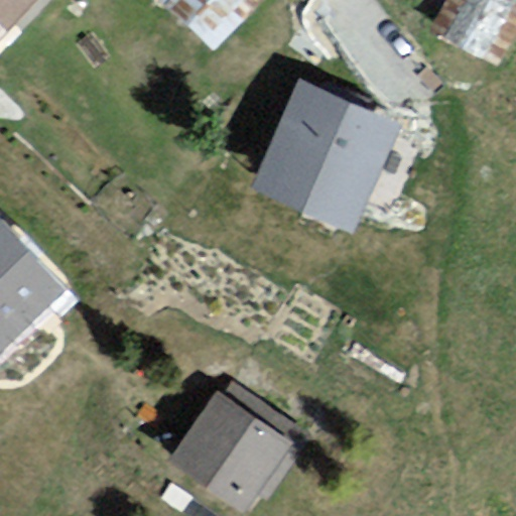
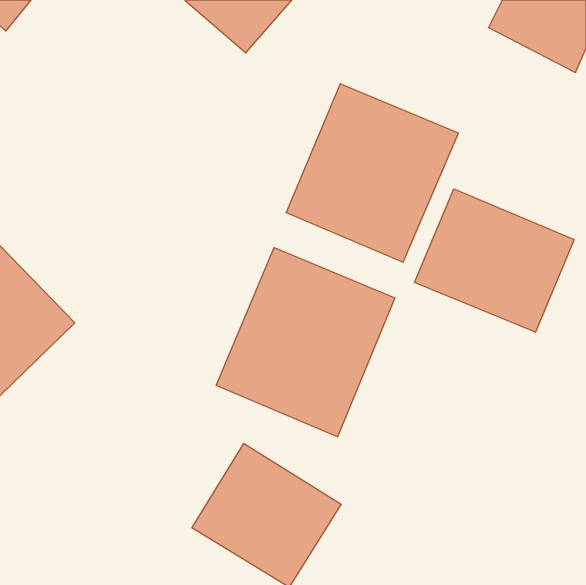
building: none -> [415,189,574,332]
building: none -> [216,248,395,437]

